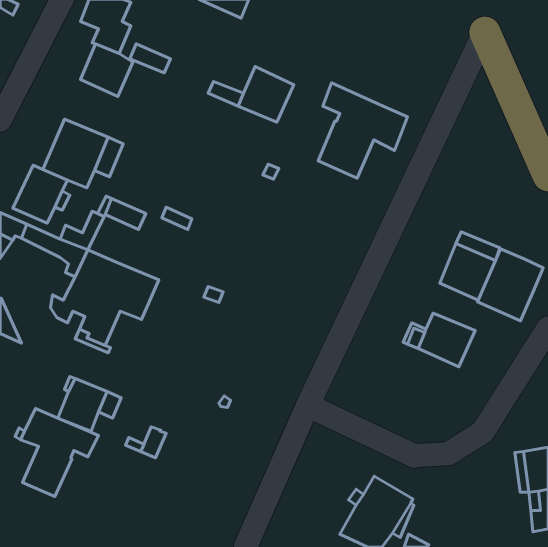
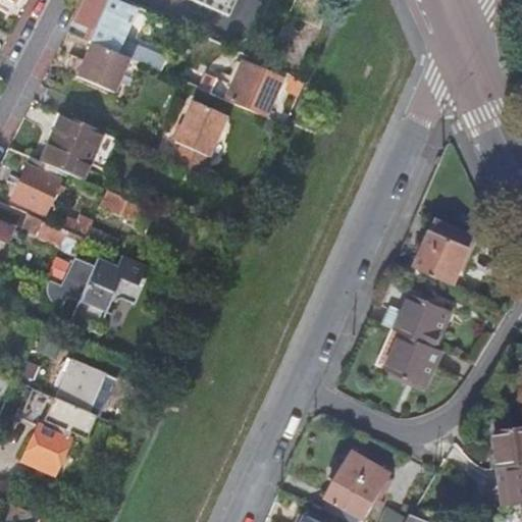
building: [318,83,408,178] -> none
building: none -> [173,100,225,172]
building: [478,249,543,321] -> none
building: none -> [387,333,442,388]

